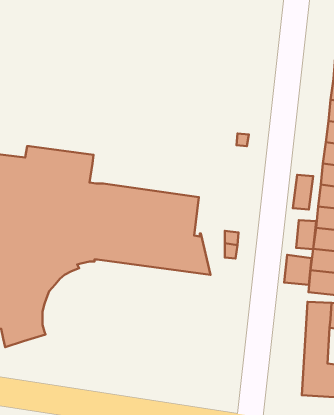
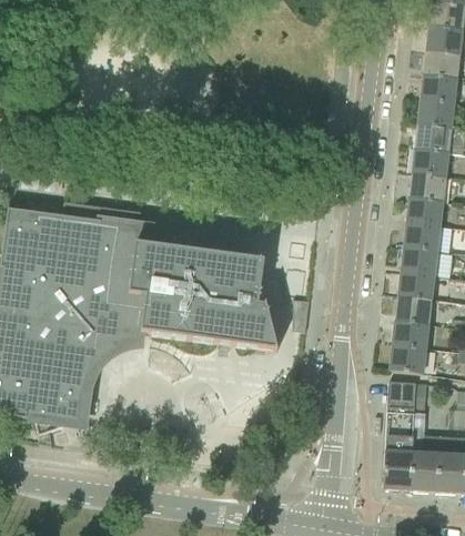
building: [293,175,313,209] -> none
building: [296,220,316,249] -> none
building: [284,255,311,285] -> none

